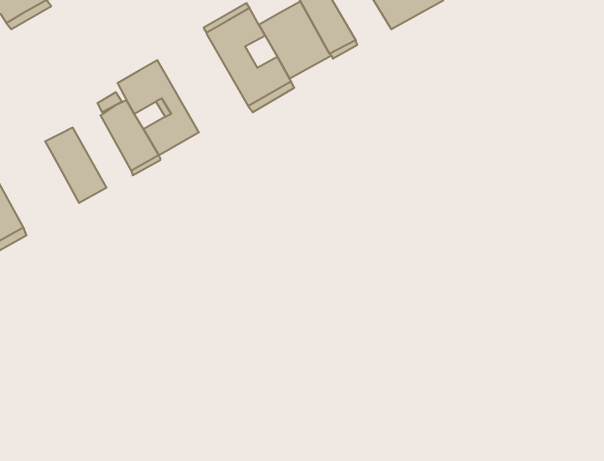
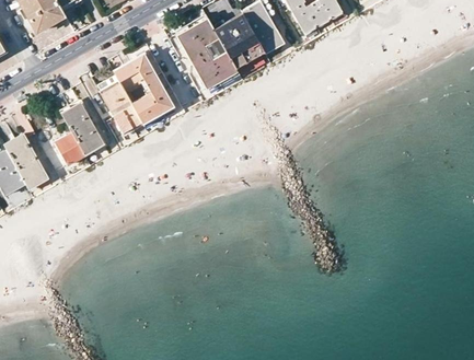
building: none -> [54,132,84,165]

